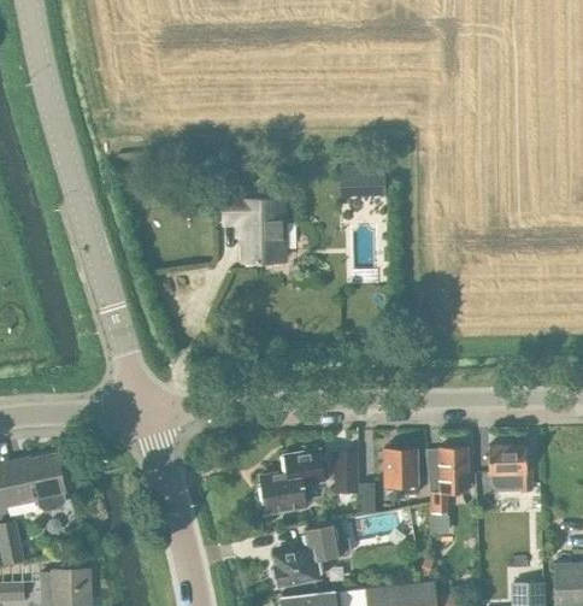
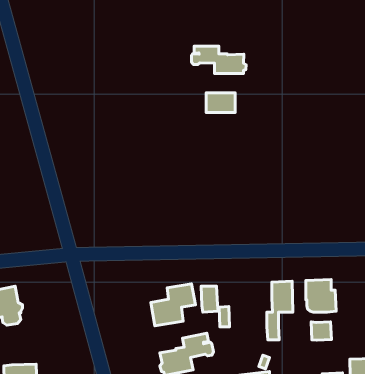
building: none -> [191,46,246,73]
building: [223,192,283,261] -> none
building: [383,445,418,495] -> none
building: none -> [311,322,332,340]

